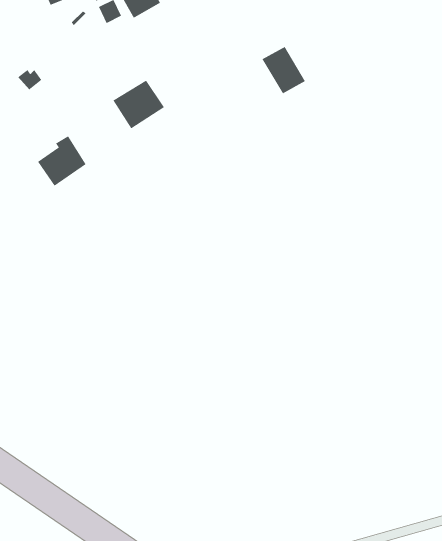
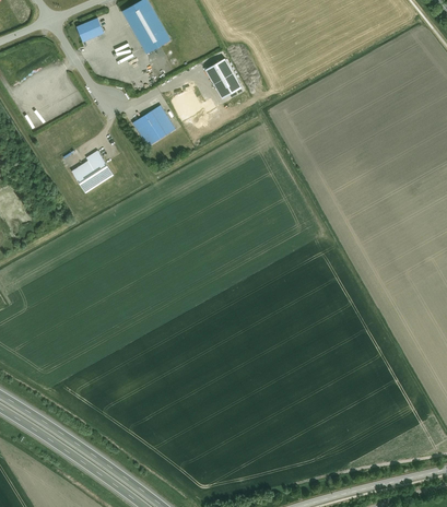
building: [262,46,306,94] -> [201,58,238,98]

